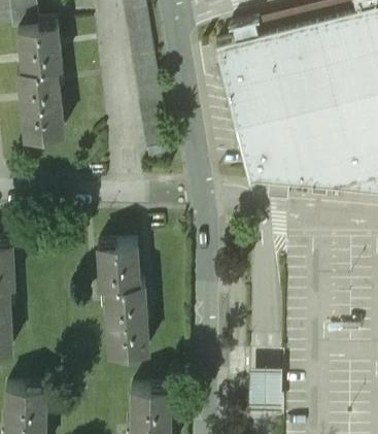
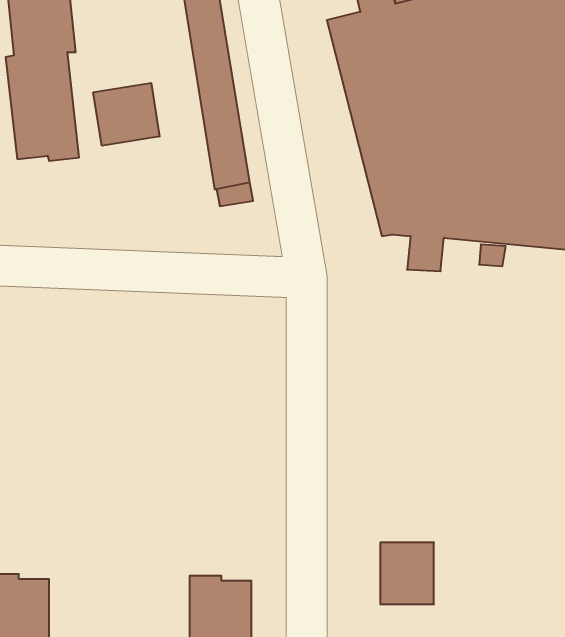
building: none -> [93,83,160,146]
building: [99,246,148,356] -> none

